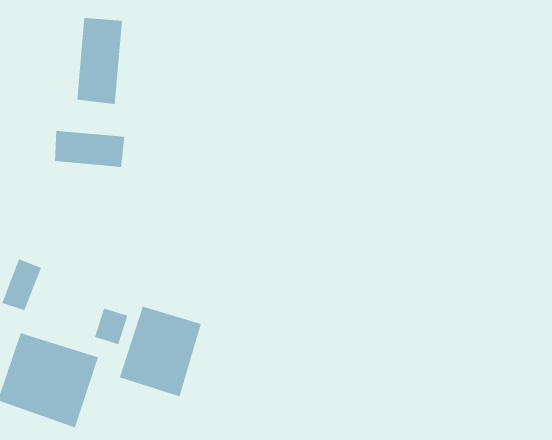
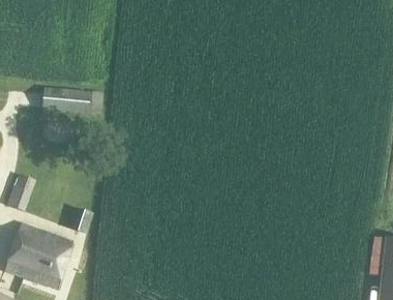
building: [77,17,123,105] -> none
building: [119,306,201,397] -> none

